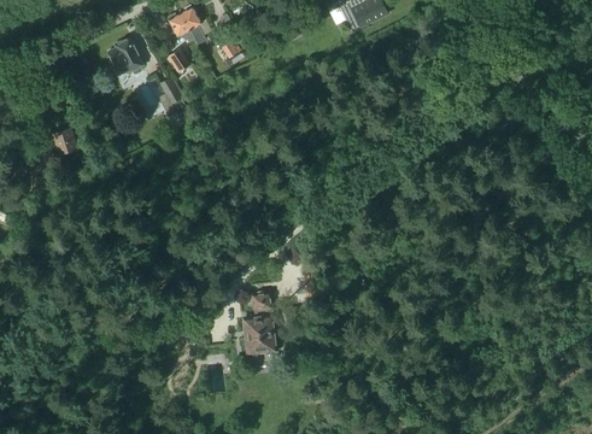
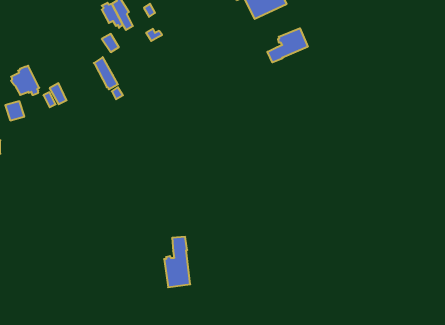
building: [109,37,142,72] -> [11,66,39,95]
building: none -> [267,28,308,62]

